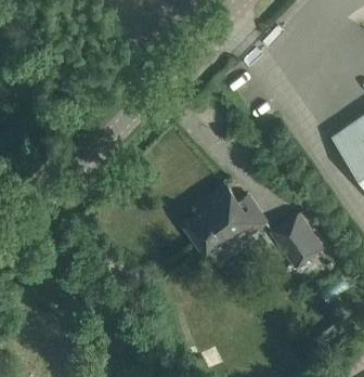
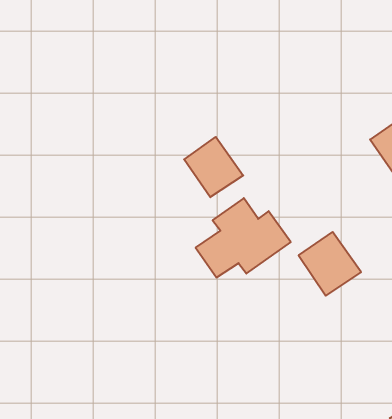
building: none -> [184,137,243,197]

